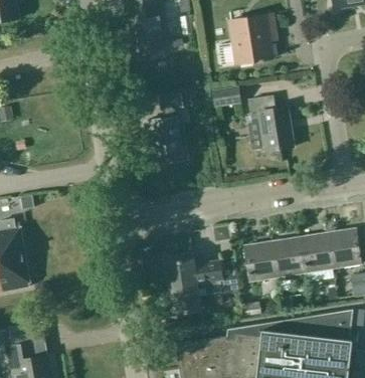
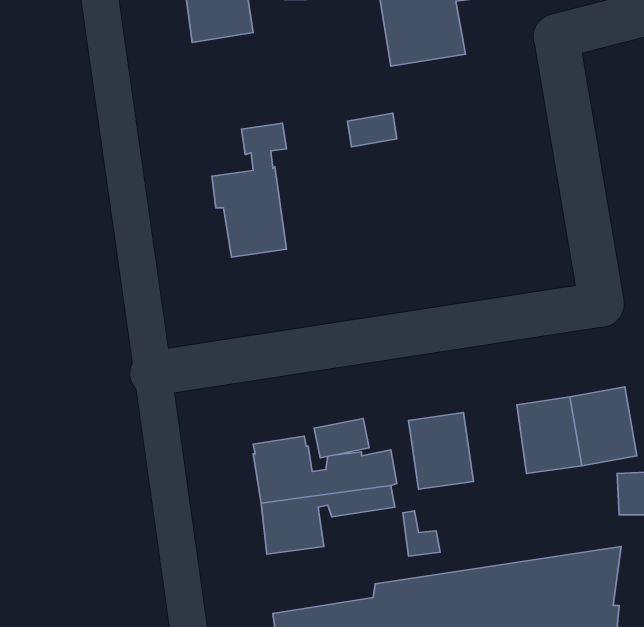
building: [248,97,293,151] -> none
building: [271,237,304,276] -> none

